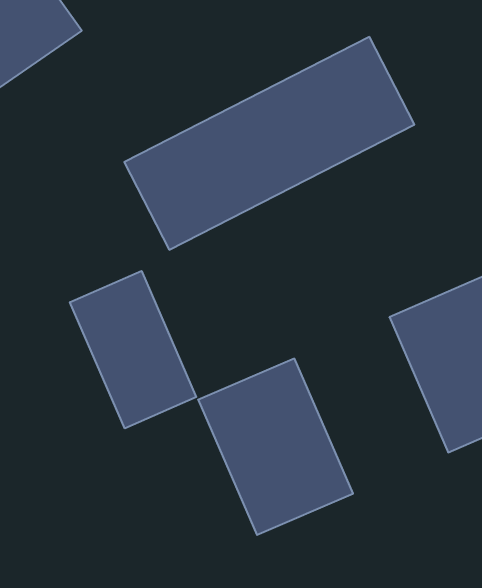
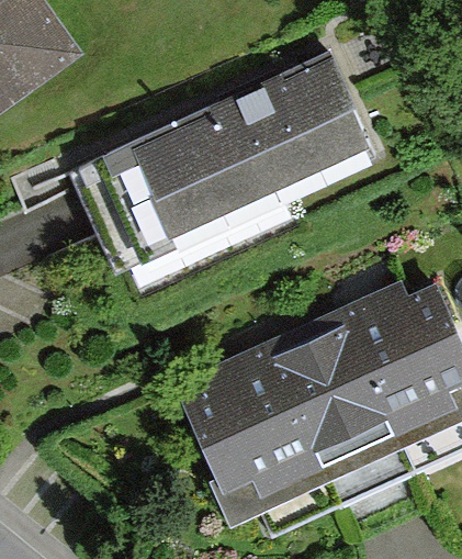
building: [70,271,196,428] -> none
building: none -> [264,311,399,466]

